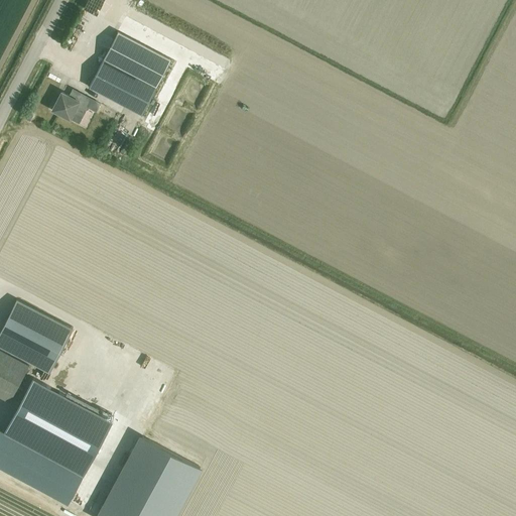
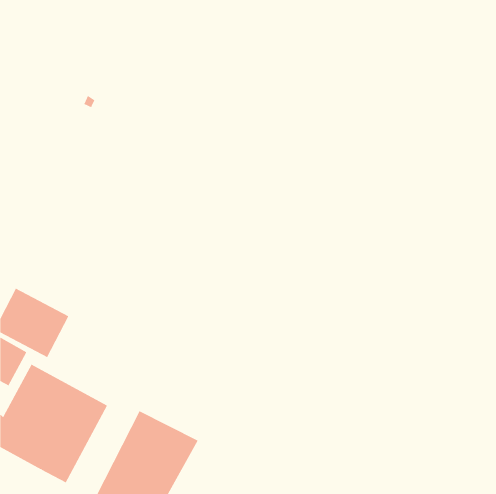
building: [88,34,170,117] -> none
building: [51,94,79,121] -> none

